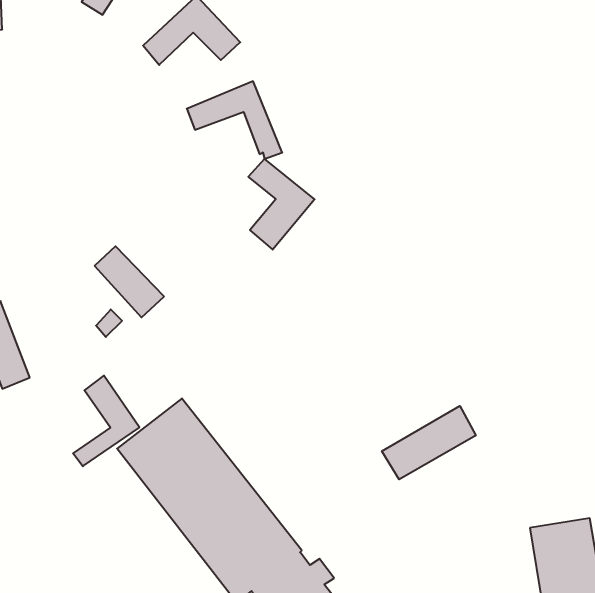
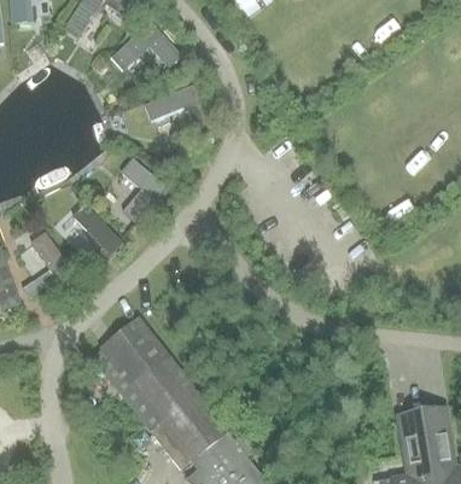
building: [248,159,315,250] -> [119,157,169,224]
building: [73,376,139,466] -> [21,229,70,297]
building: [382,406,476,479] -> none

